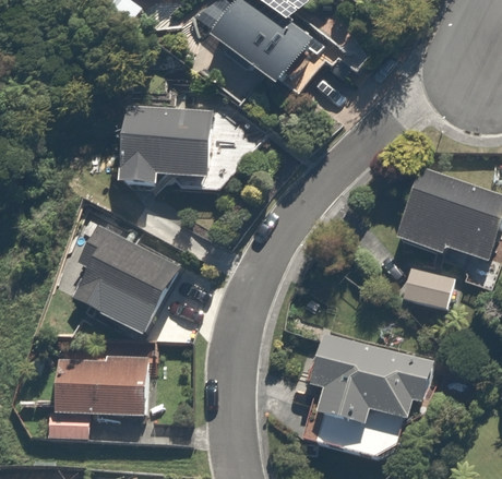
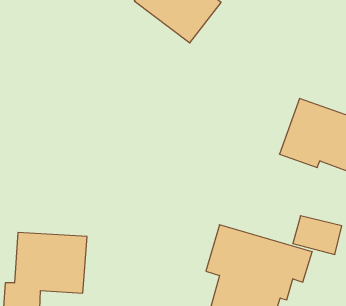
building: [117,104,210,188] -> none
building: [71,223,182,330] -> none
building: [397,263,461,313] -> [293,216,342,254]

